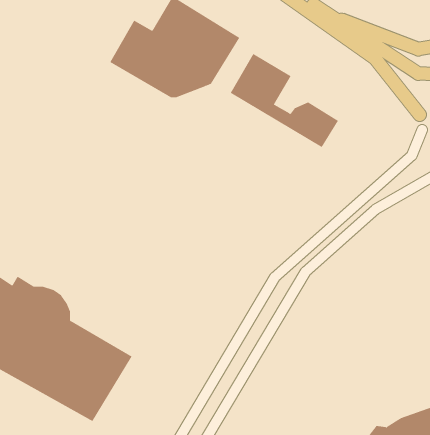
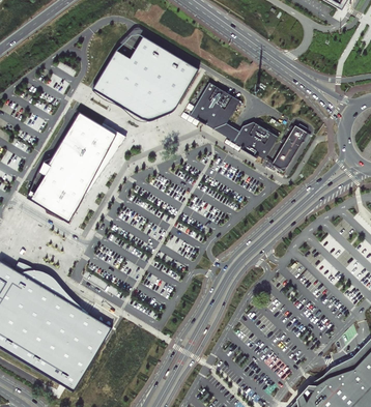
building: none -> [31,112,120,226]
building: none -> [272,123,307,171]

